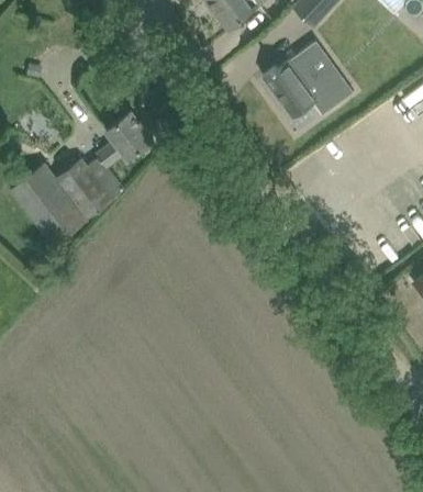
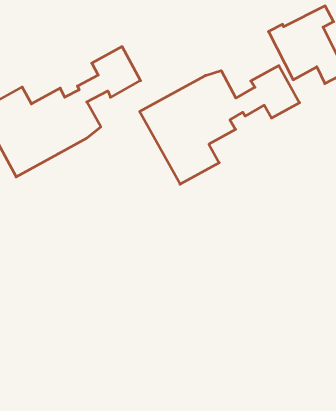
building: none -> [140,66,300,184]

